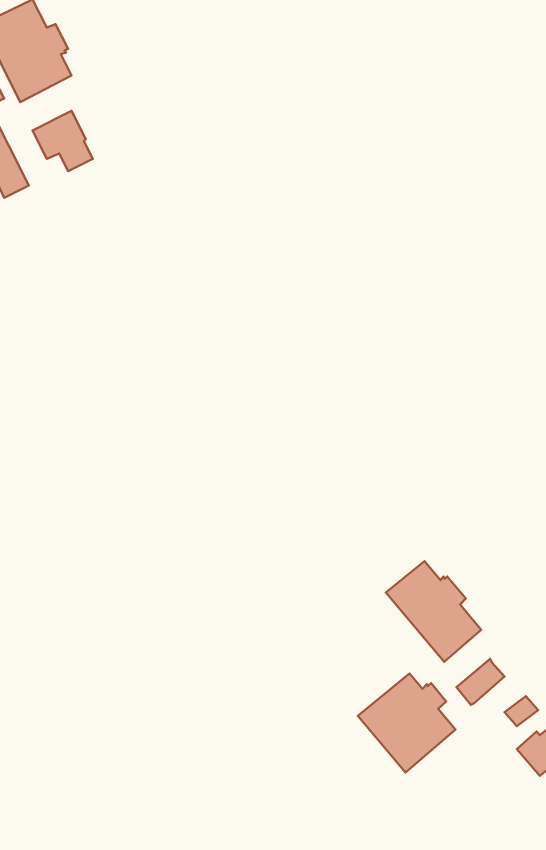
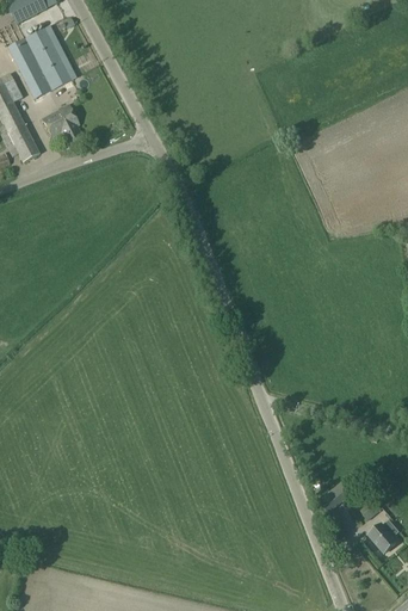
building: [386,561,481,662] -> none
building: [358,673,456,773] -> none

